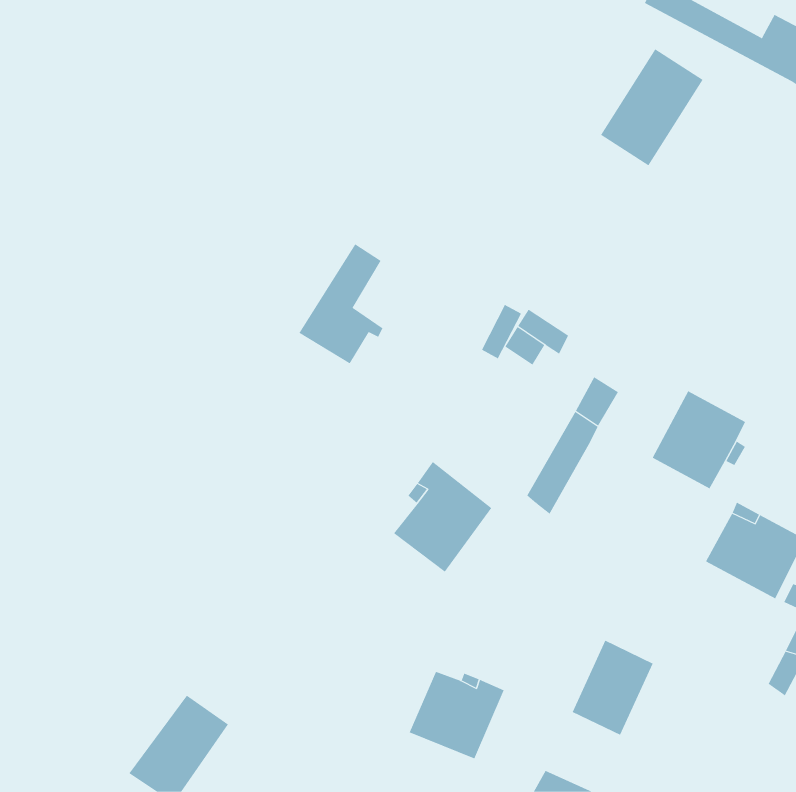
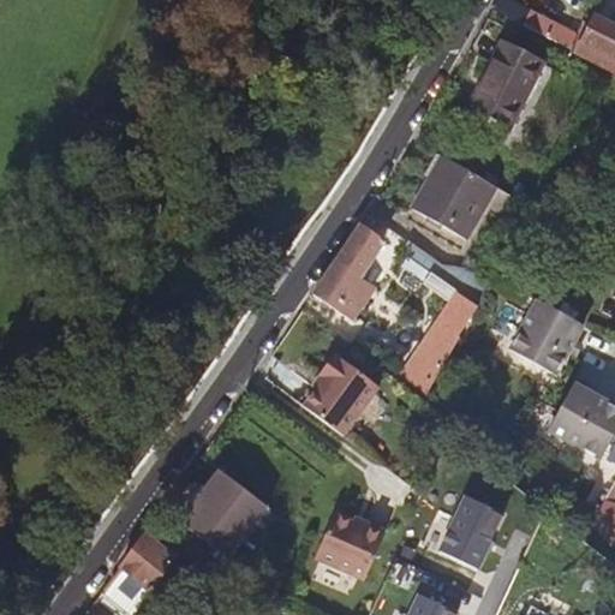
building: none -> [413,150,497,237]
building: [299,244,383,364] -> [316,223,381,316]
building: none -> [180,472,267,560]

